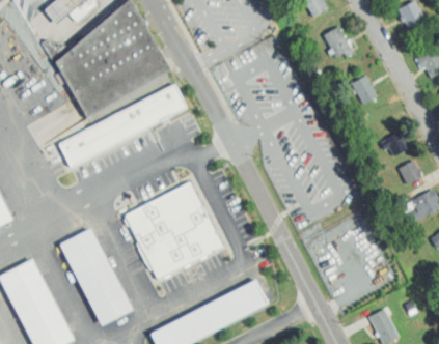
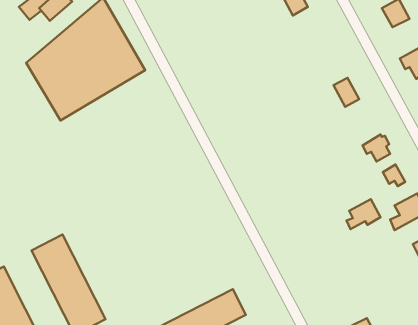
building: [324,27,351,58] -> none
building: [57,85,186,167] -> none
building: [125,182,222,280] -> none
building: none -> [347,199,381,229]

